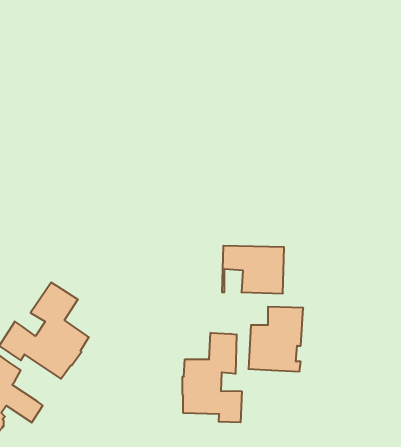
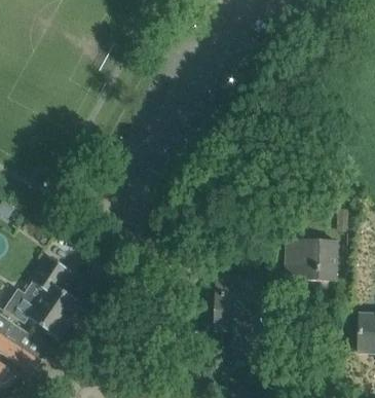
building: [222,246,284,293] -> [283,239,335,279]
building: [182,333,242,422] -> none

